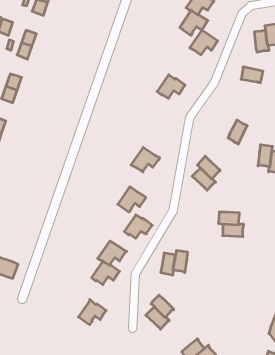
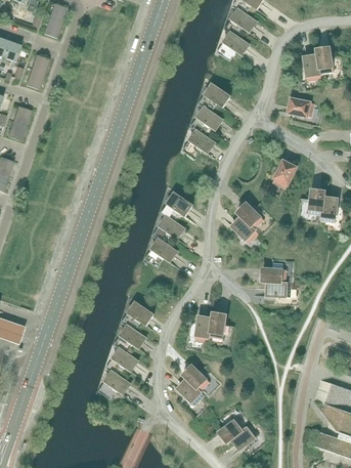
building: [190,30,218,55] -> [196,83,229,112]
building: none -> [181,129,214,158]
building: [124,215,152,238] -> [151,215,184,243]
building: none -> [104,347,137,376]

